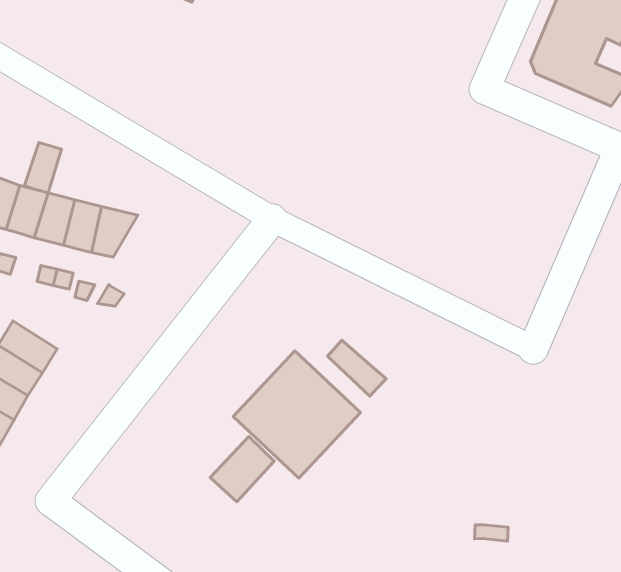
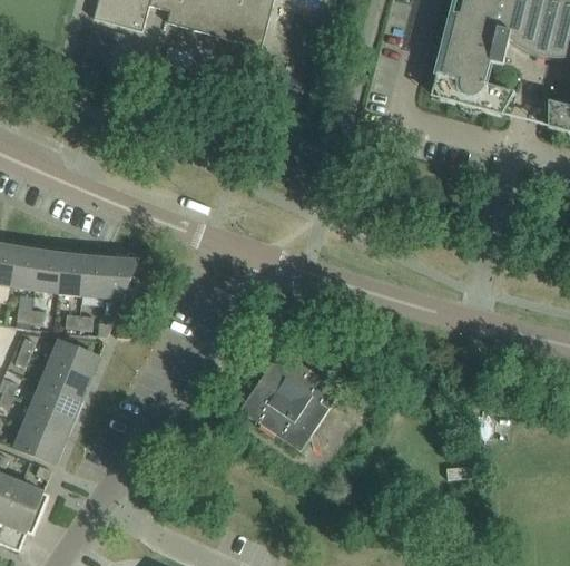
building: [24,143,62,193] -> none
building: none -> [50,338,98,377]
building: [327,340,386,396] -> none
building: [210,436,274,502] -> none

